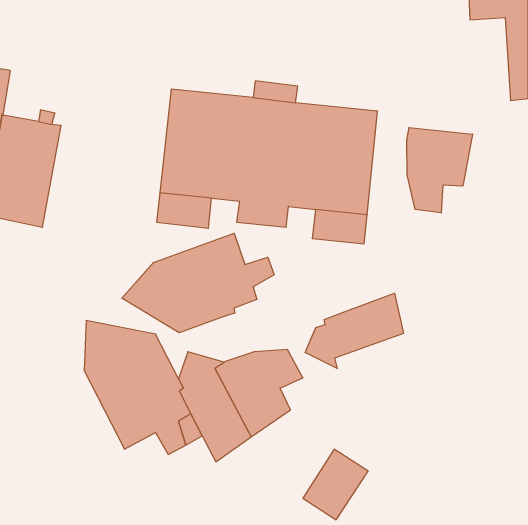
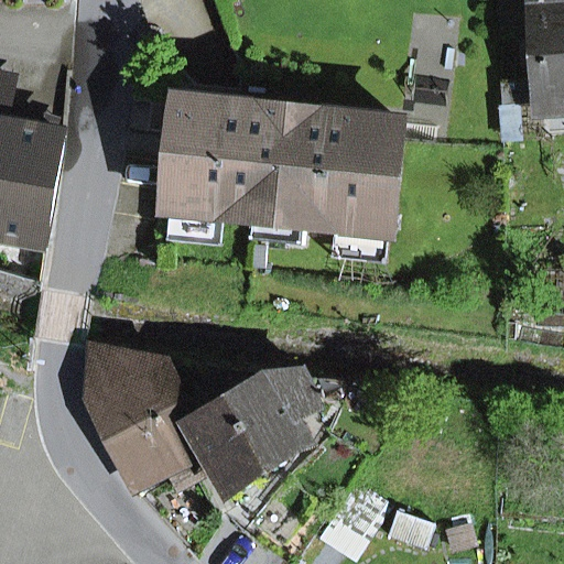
building: [407,127,473,213] -> none
building: [122,233,274,333] -> none
building: [305,293,404,369] -> none

